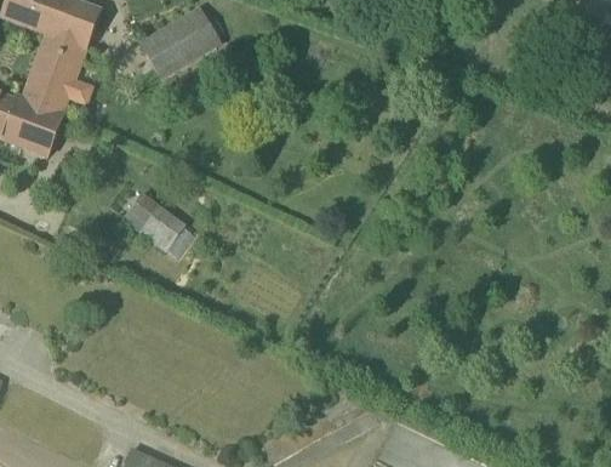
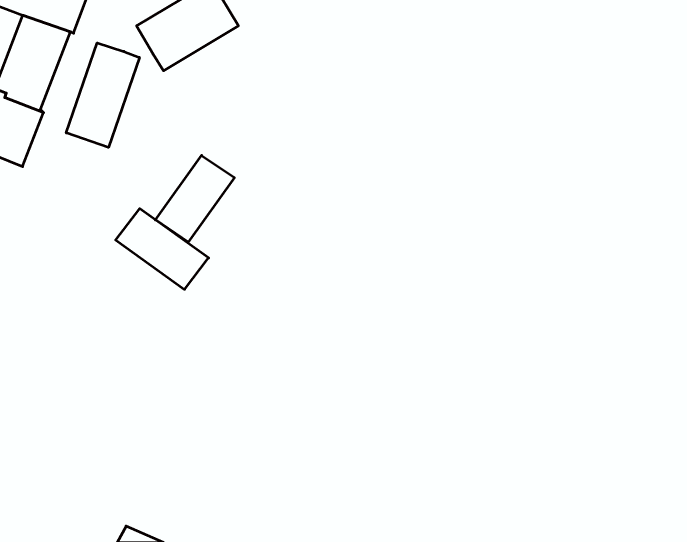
building: none -> [66,43,139,147]
building: none -> [155,155,234,242]

